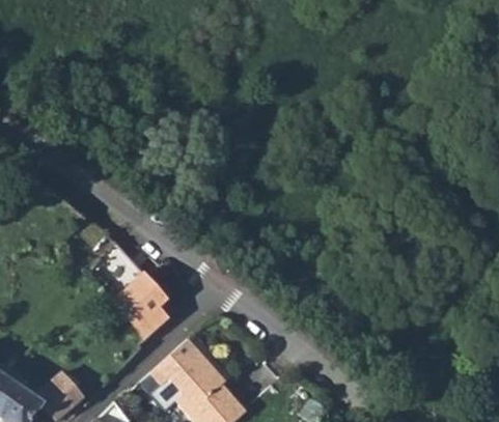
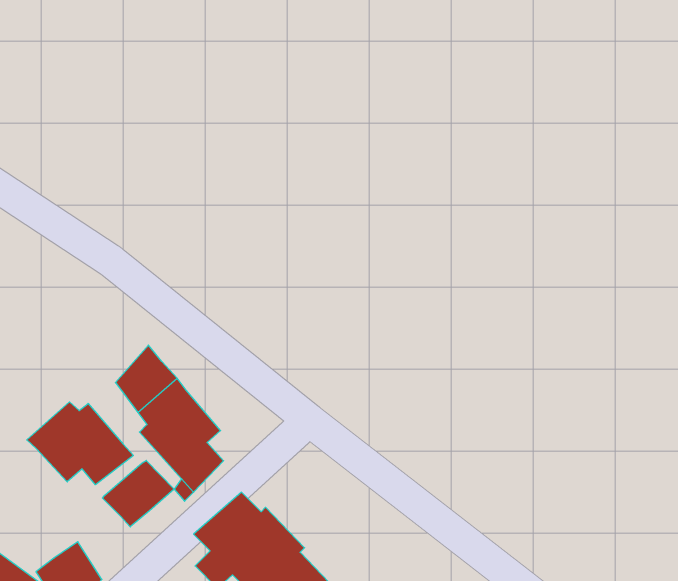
building: none -> [27,402,133,485]
building: none -> [102,460,174,527]

